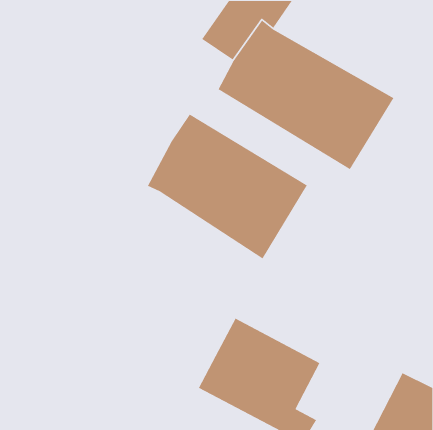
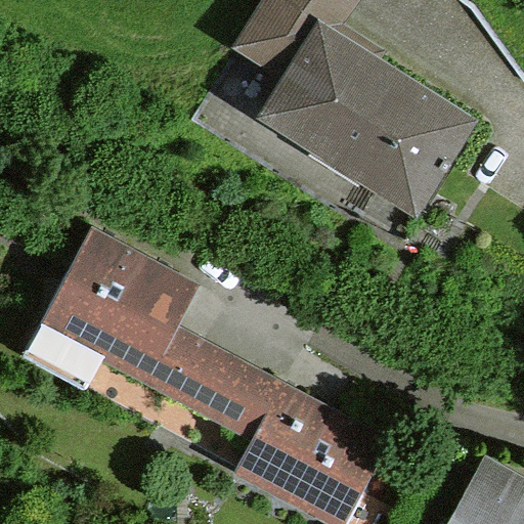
building: [147,113,308,259] -> none
building: none -> [27,229,282,434]

